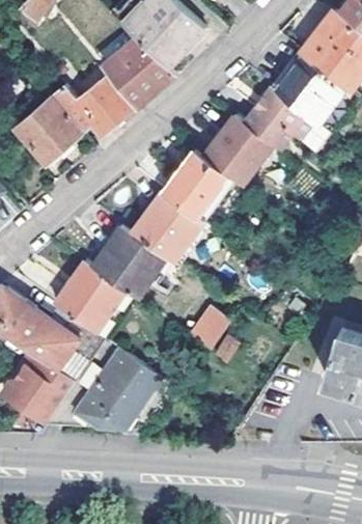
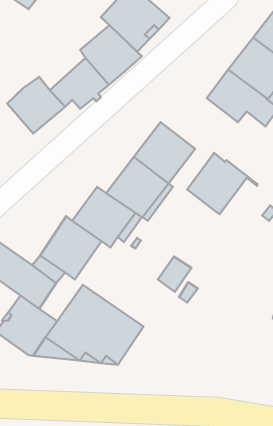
building: [202,112,284,184] -> [187,153,258,214]

